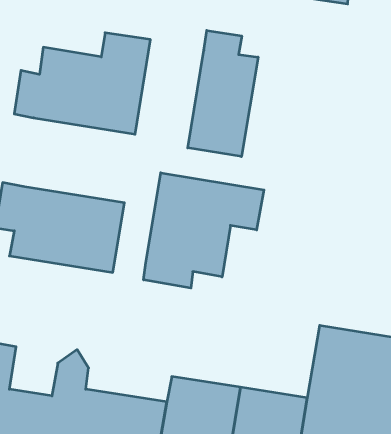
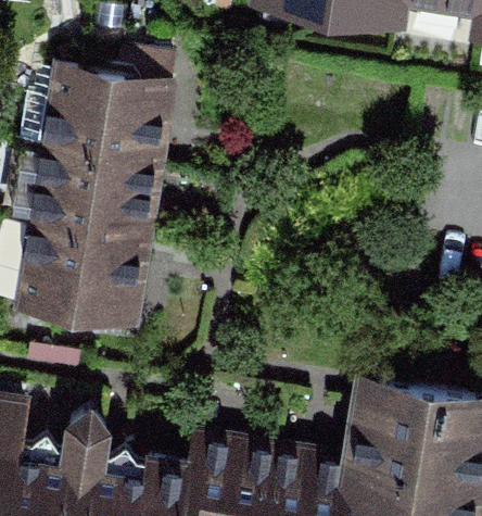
building: [188,30,258,157] -> none
building: none -> [29,148,155,243]
building: [144,173,264,288] -> none

